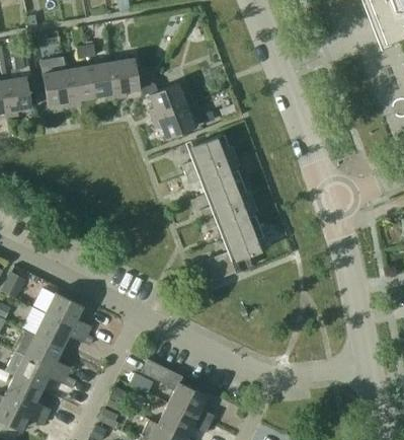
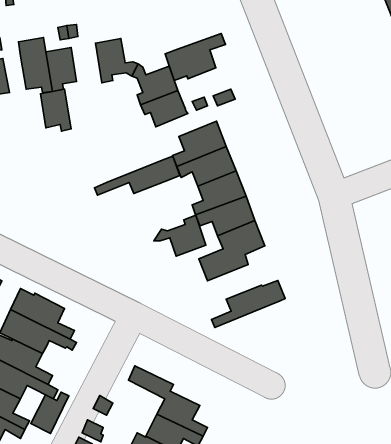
building: none -> [165,33,225,80]
building: [88,61,116,99] -> [40,89,71,131]
building: none -> [95,156,180,195]
building: none -> [154,215,206,256]
building: none -> [212,281,285,328]
building: none -> [31,392,69,434]

